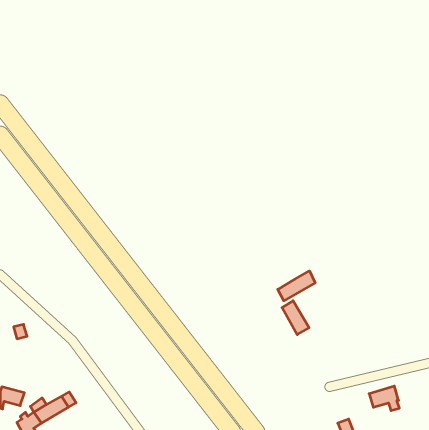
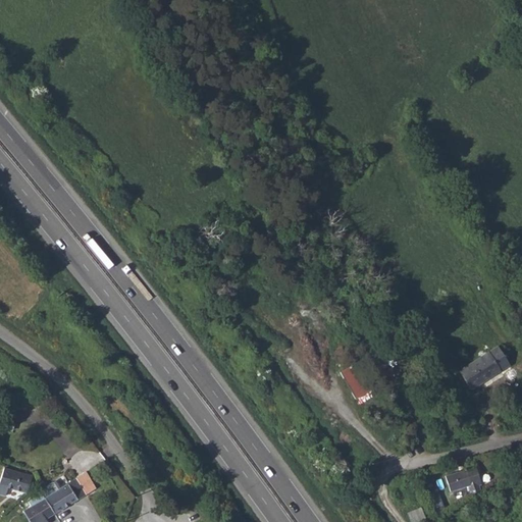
building: [278,271,315,301] -> none
building: none -> [456,346,505,388]

